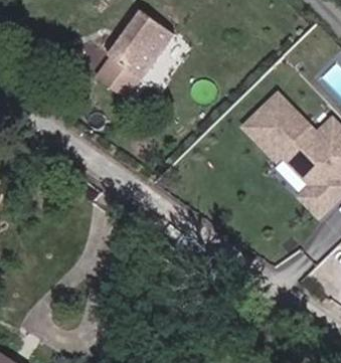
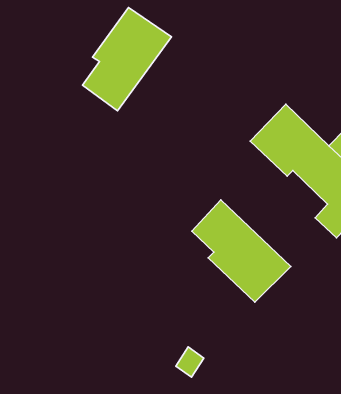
building: none -> [192,200,291,302]

